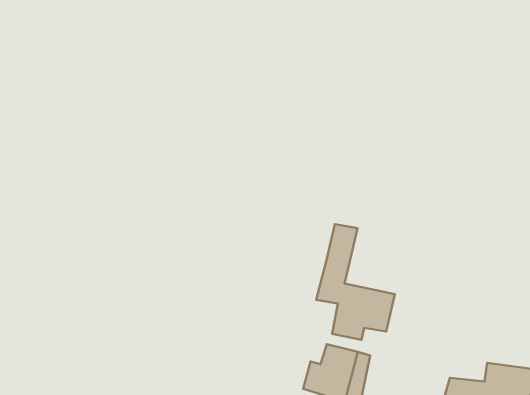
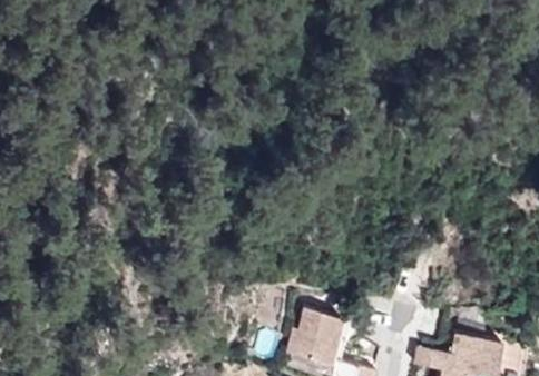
building: [316,224,395,340] -> none

